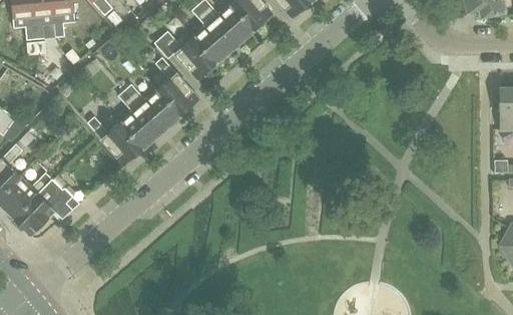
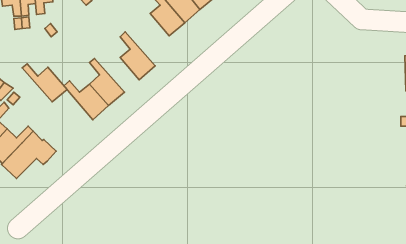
building: [153,30,214,78] -> none
building: [124,84,178,130] -> [22,64,67,102]

